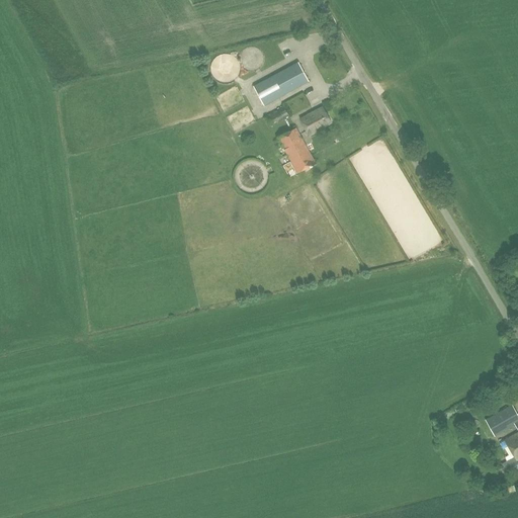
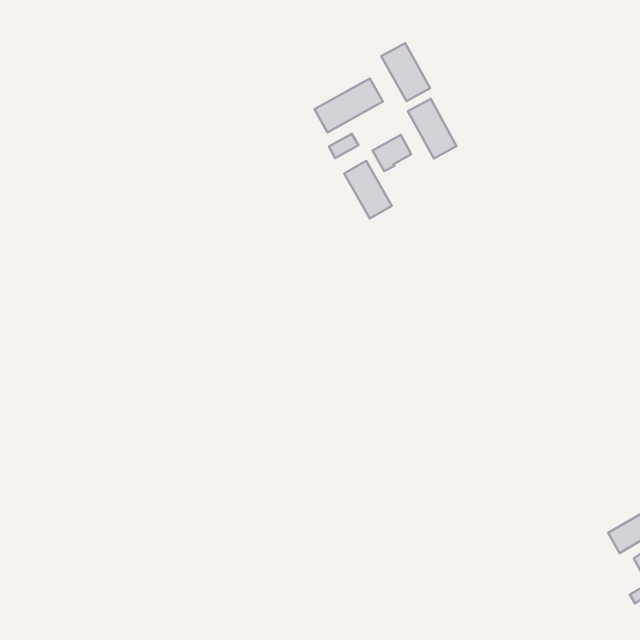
building: none -> [381,43,430,101]
building: none -> [408,99,457,159]

